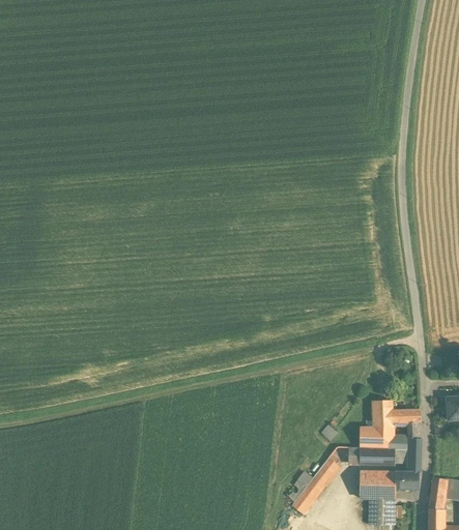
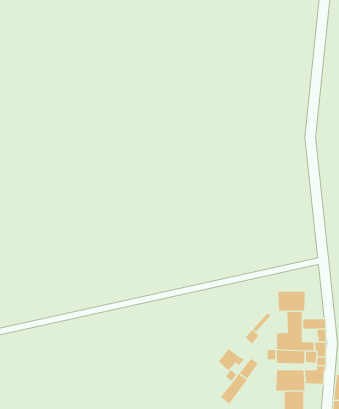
building: none -> [278,291,305,311]
building: none -> [218,348,245,371]

